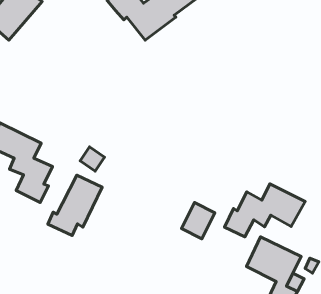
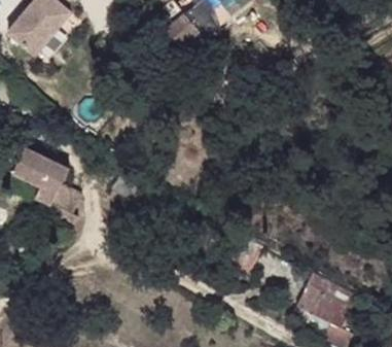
building: [48,175,102,236] -> none
building: [225,184,305,237] -> none

